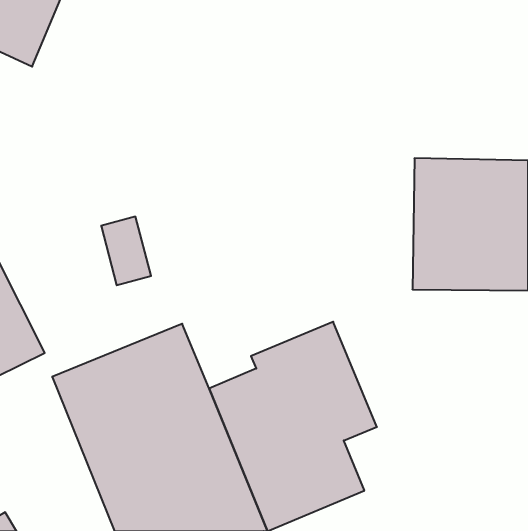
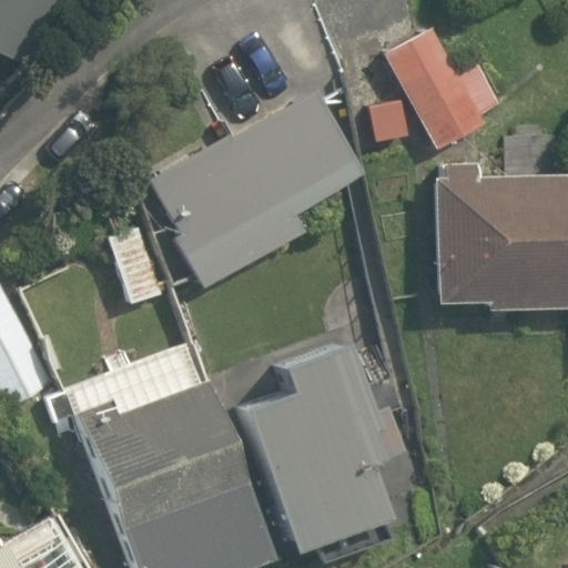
building: none -> [375,21,489,150]
building: none -> [151,93,364,285]

